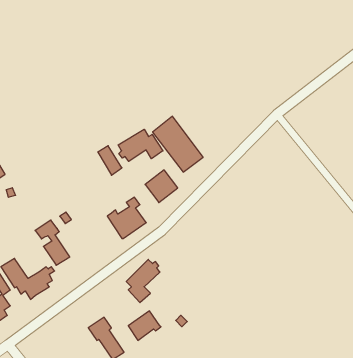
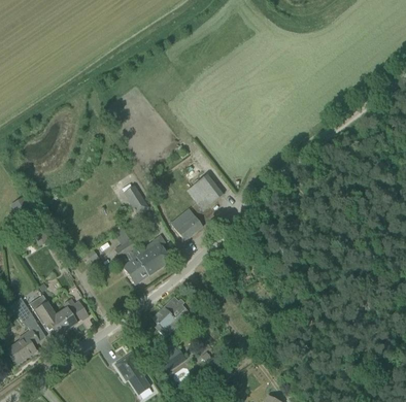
building: [118,129,163,161] -> none
building: [35,220,70,265] -> [114,239,148,283]

